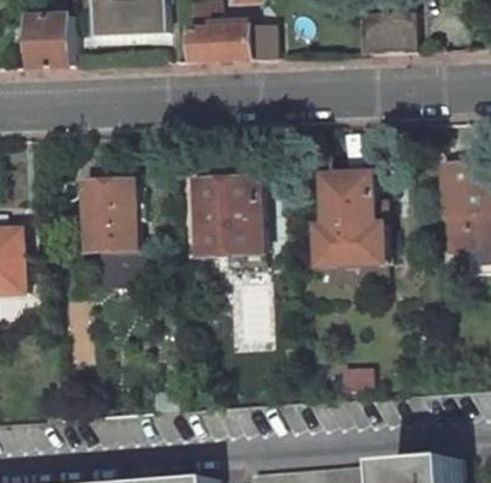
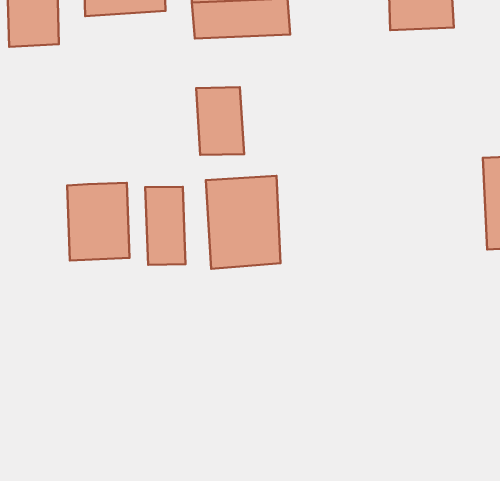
building: none -> [196,87,244,155]
building: [317,166,385,274] -> none
building: none -> [145,187,186,265]

